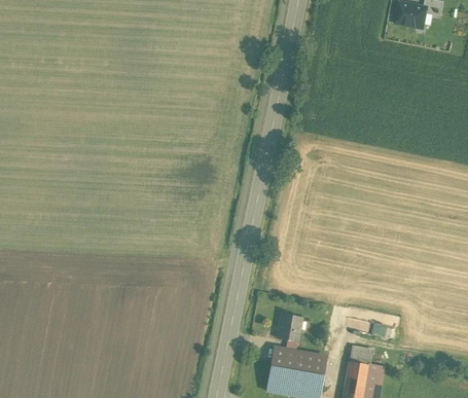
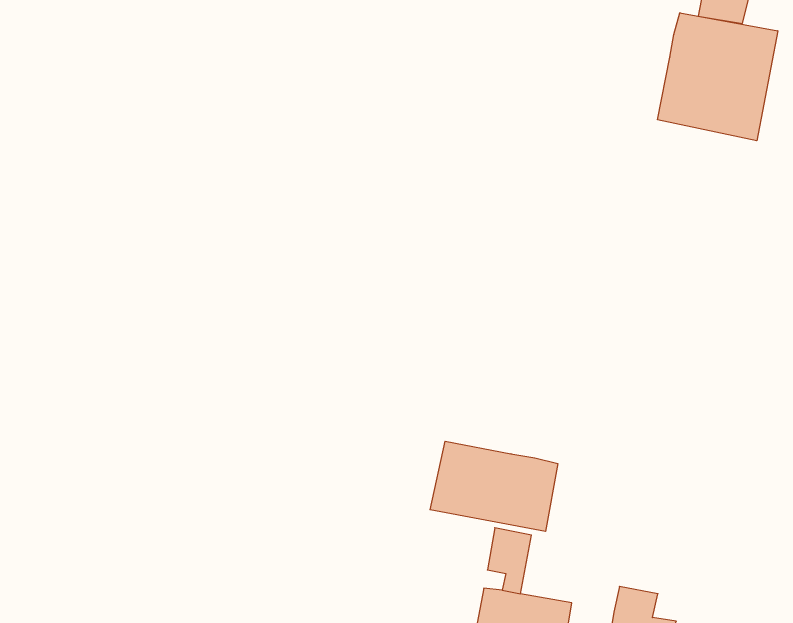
building: none -> [658,13,778,141]
building: none -> [430,441,558,531]

